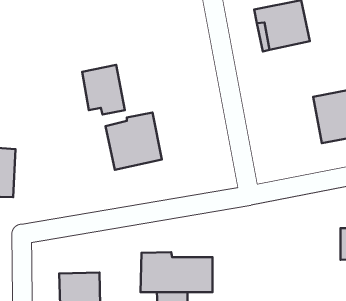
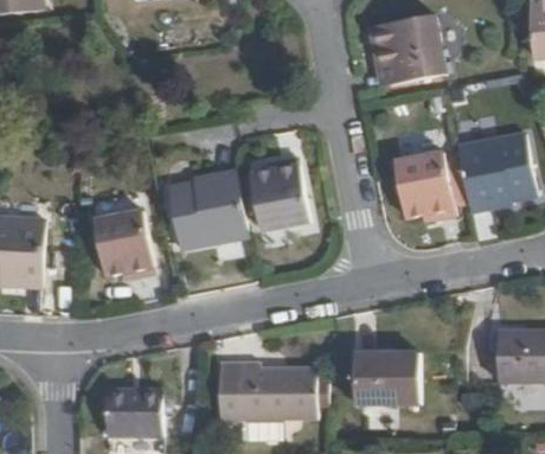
building: [82,65,125,115] -> [95,210,154,279]
building: none -> [393,153,453,219]
building: none -> [250,156,309,228]
building: none -> [354,350,421,403]

